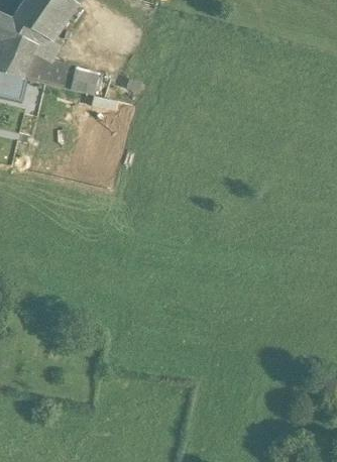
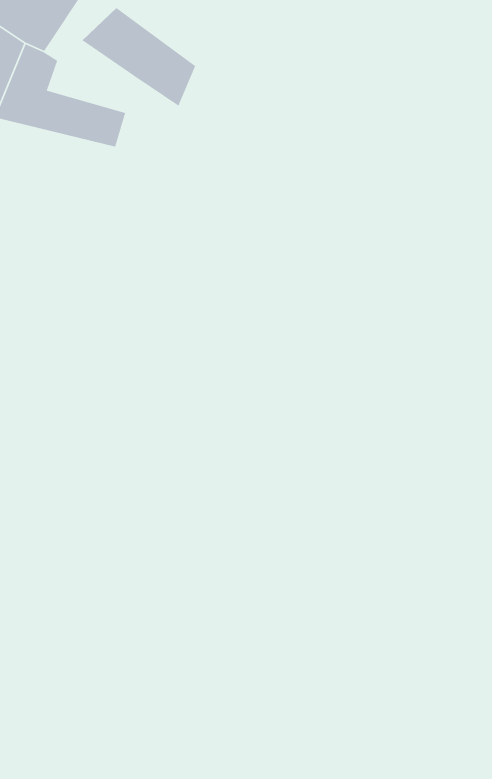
building: none -> [81,7,196,107]

